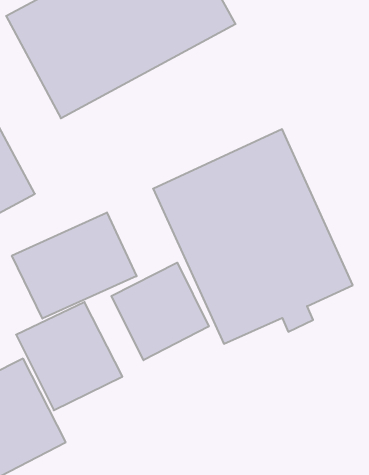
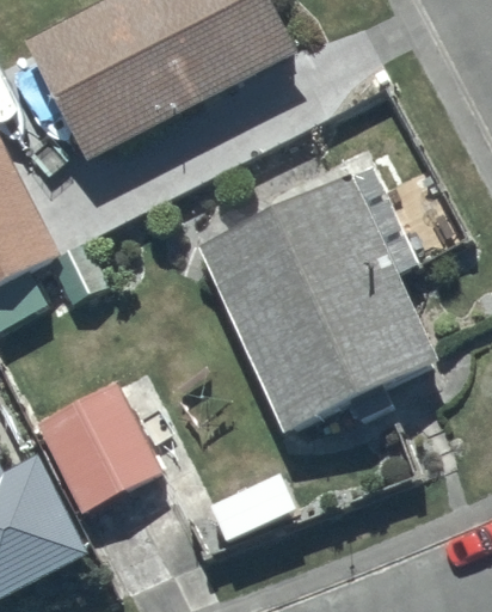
building: [12,212,137,319] -> none
building: [111,263,209,360] -> none

